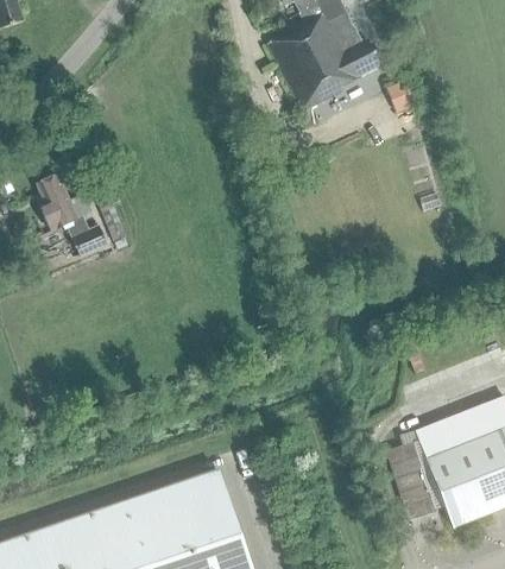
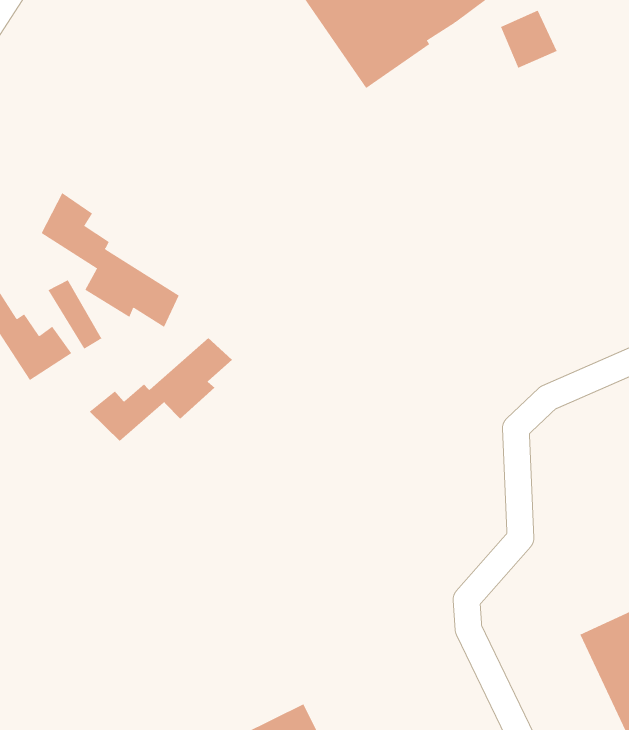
building: none -> [41,192,179,328]
building: none -> [89,337,233,442]

